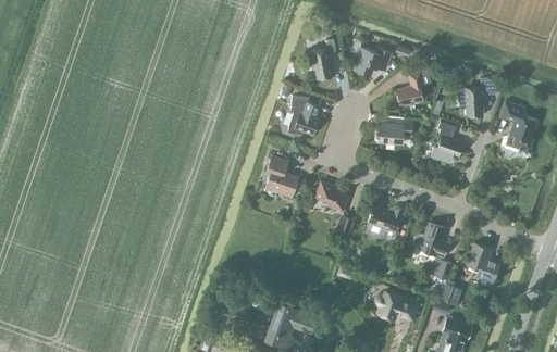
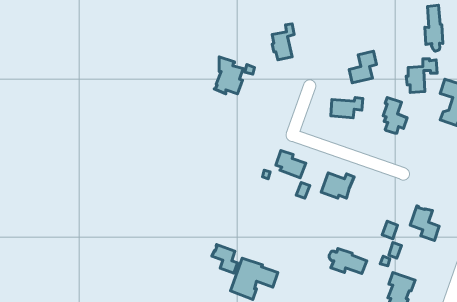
building: none -> [425,5,443,51]
building: [354,46,392,75] -> none
building: [287,93,320,135] -> [214,57,243,94]
building: [265,156,299,199] -> none
building: [413,224,449,257] -> none
building: none -> [212,245,237,273]

